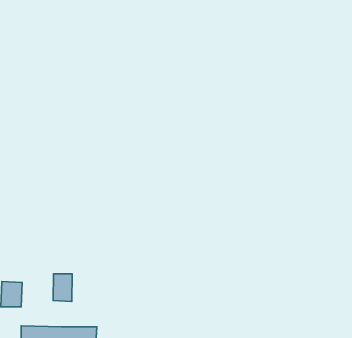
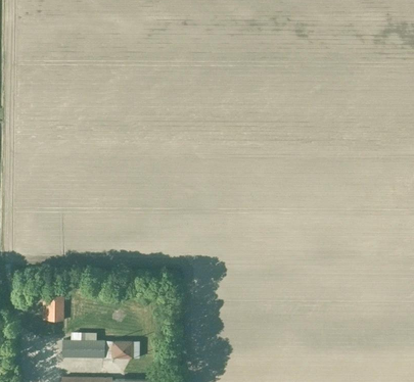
building: [53,274,72,302] -> none

